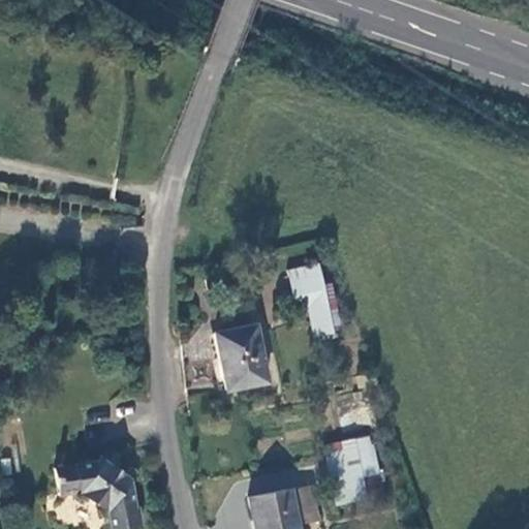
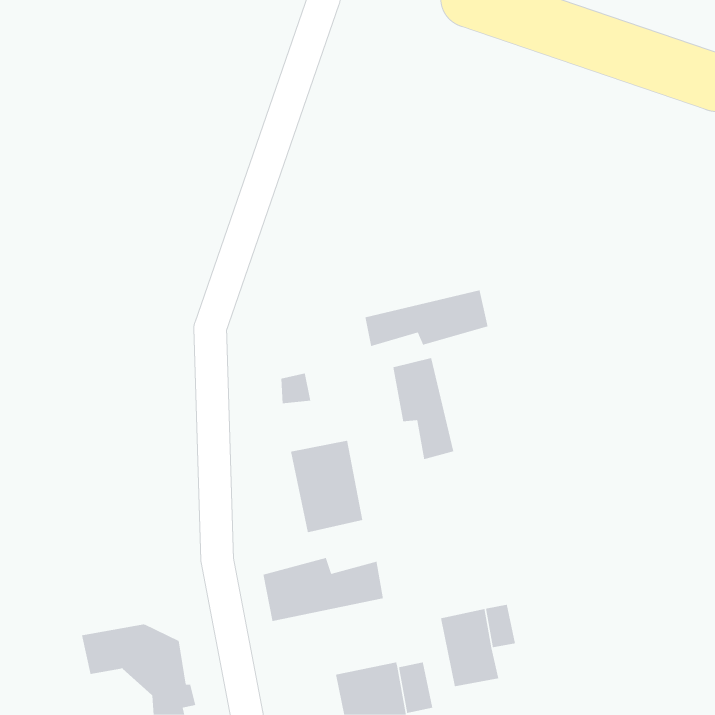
building: none -> [365,290,488,347]
building: none -> [263,557,383,622]

